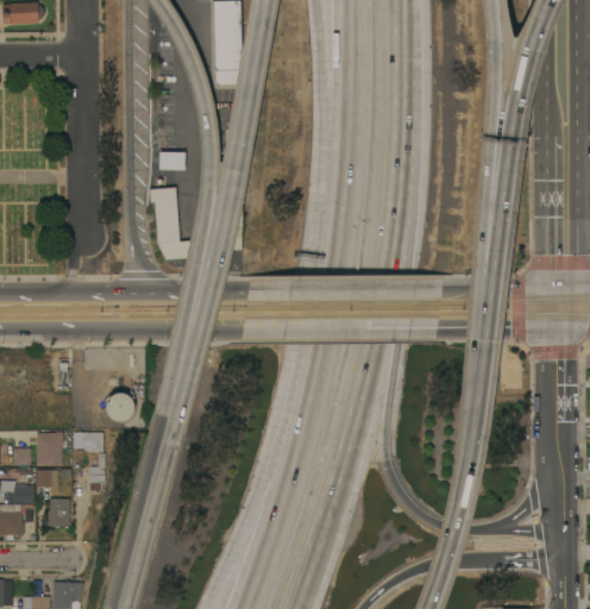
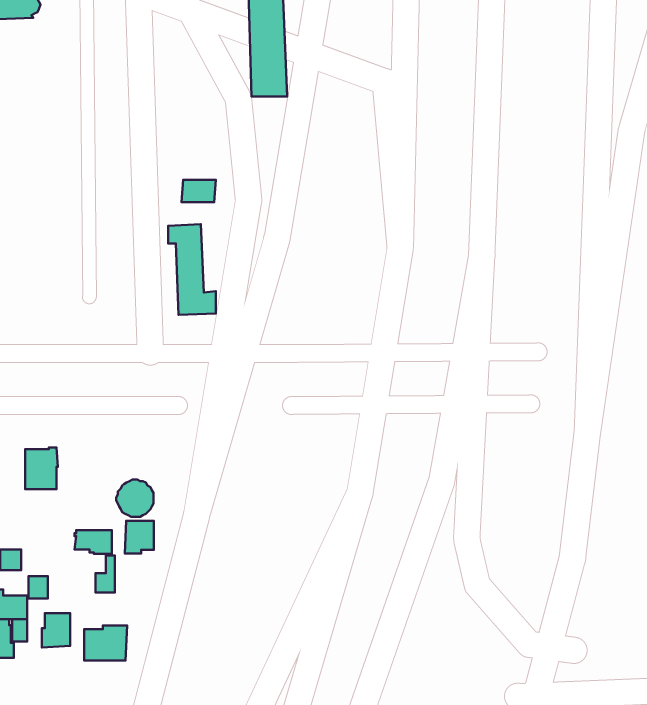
building: none -> [125,521,154,553]
building: [37,432,63,465] -> [25,448,58,489]
building: none -> [84,625,127,661]

